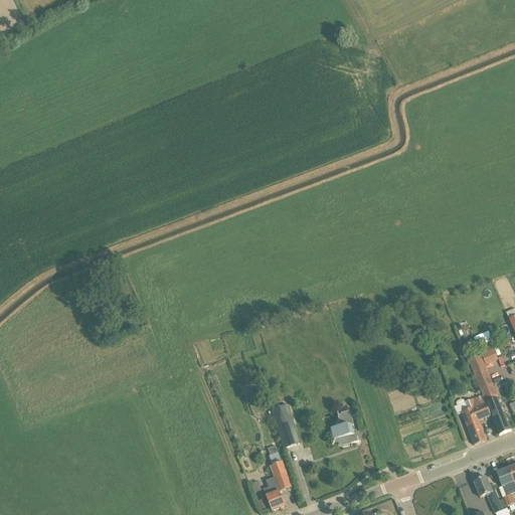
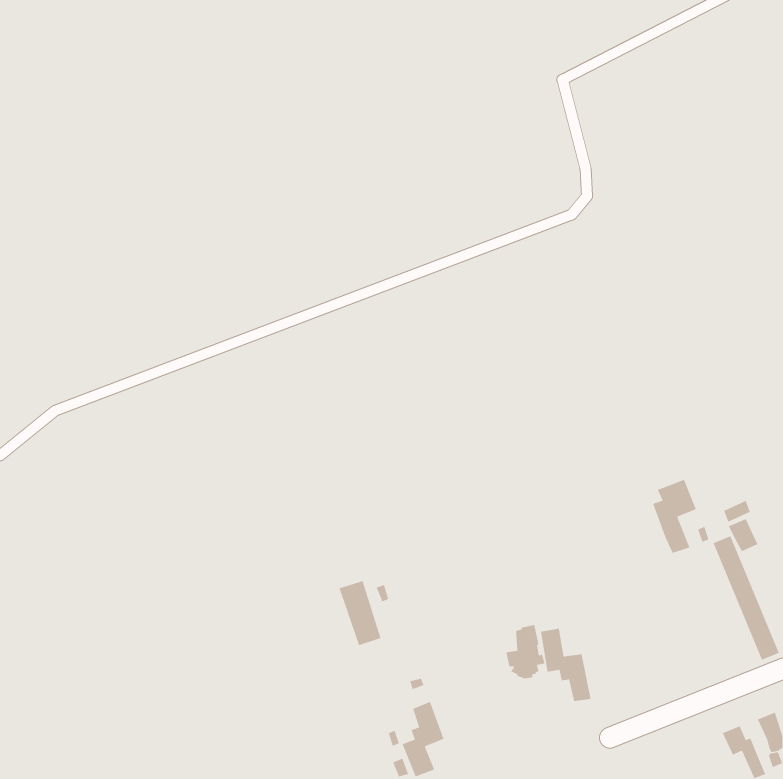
building: [462,394,491,444] -> [652,479,697,554]
building: [272,403,300,447] -> [339,580,381,646]
building: none -> [540,628,591,702]

